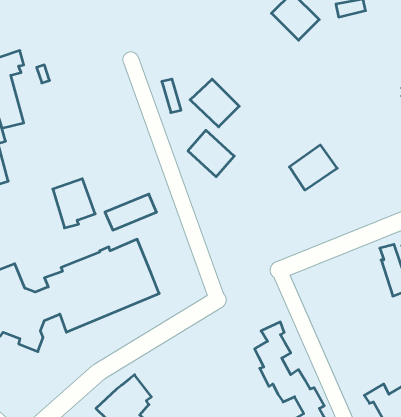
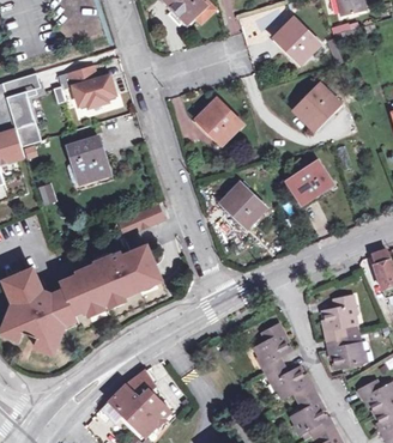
building: none -> [71,65,116,105]
building: none -> [290,83,335,127]
building: [188,130,234,177] -> [220,181,264,224]
building: [53,179,95,228] -> [68,138,108,183]
building: none -> [321,293,362,368]

